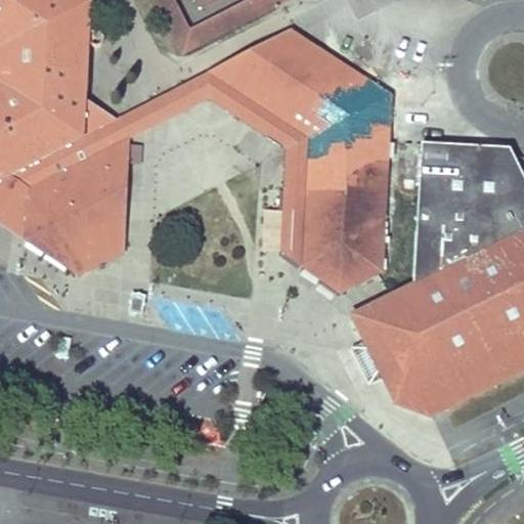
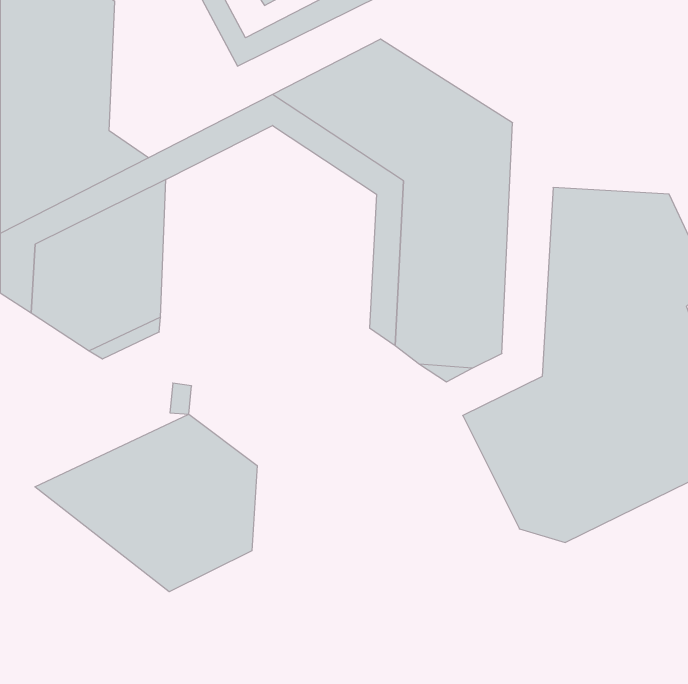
building: none -> [35,414,257,592]

